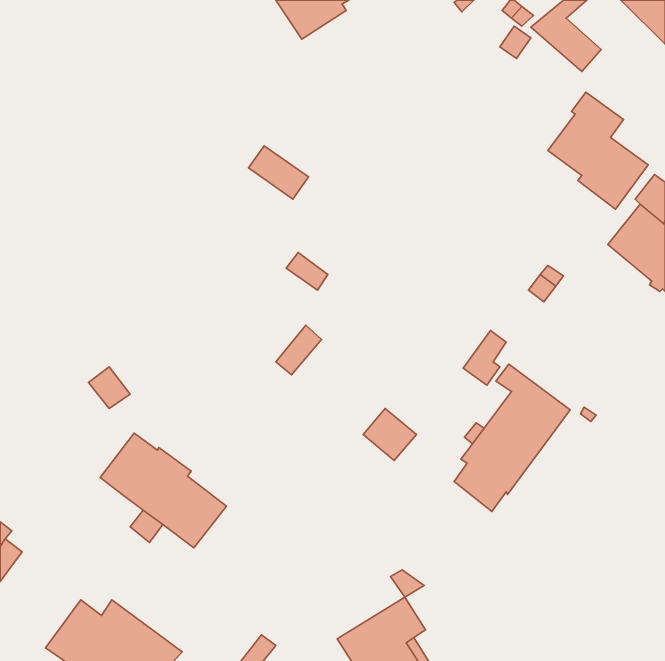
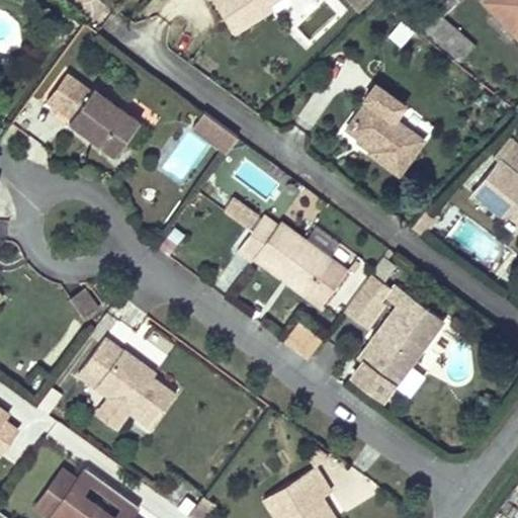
building: [548,92,648,209] -> [346,85,424,176]
building: none -> [47,75,140,157]
building: none -> [238,217,347,307]
building: none -> [344,289,383,328]

